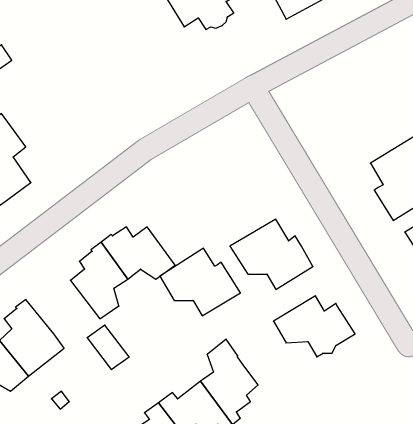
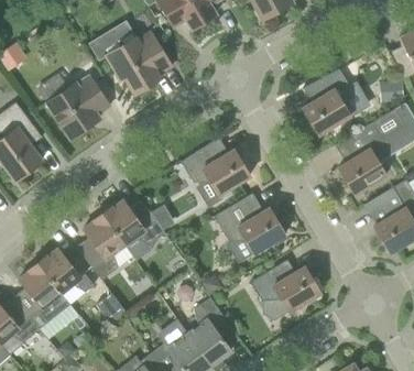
building: none -> [90,31,172,94]
building: none -> [303,68,351,134]
building: none -> [46,75,110,138]
building: [160,248,240,316] -> [182,137,251,195]
building: none -> [37,248,95,292]

